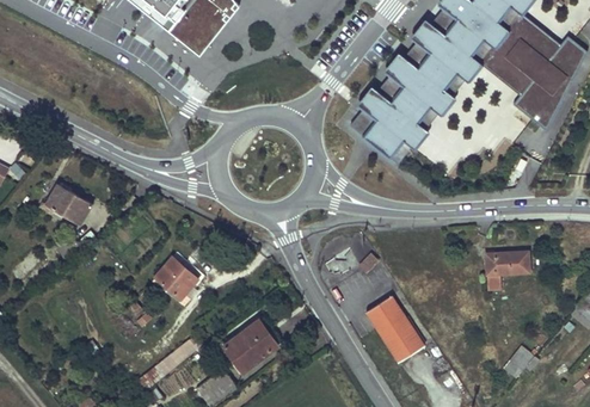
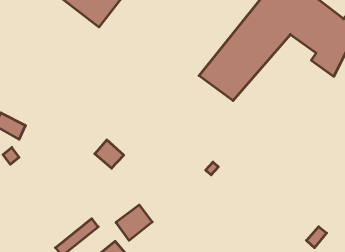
building: [154,254,197,296] -> [95,140,124,168]
building: [488,255,529,292] -> none
building: [365,298,424,364] -> none

